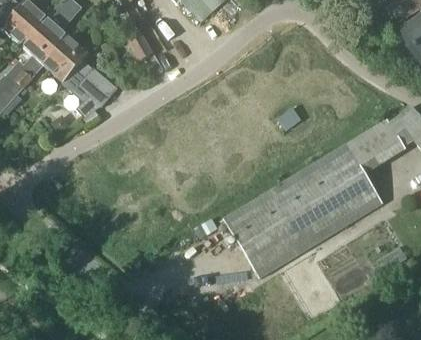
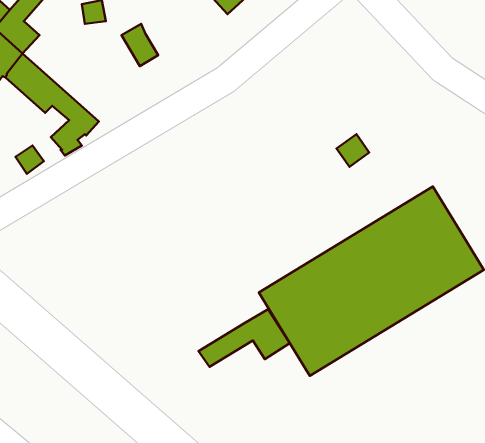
building: [57,36,119,97] -> none
building: none -> [198,309,290,367]

